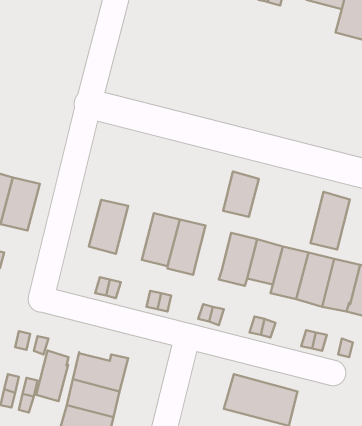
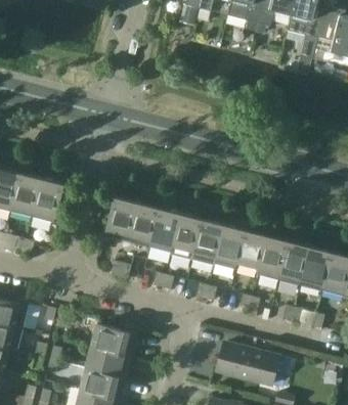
building: [223,171,259,217] -> [193,218,223,256]
building: [310,192,350,250] -> none
building: none -> [127,201,159,246]
building: [36,351,68,401] -> none

